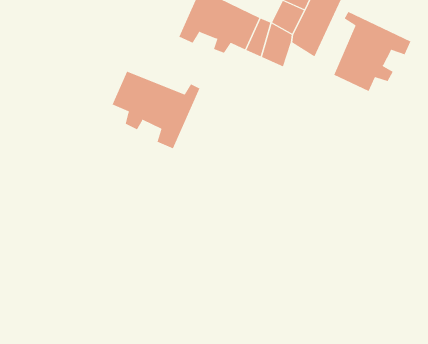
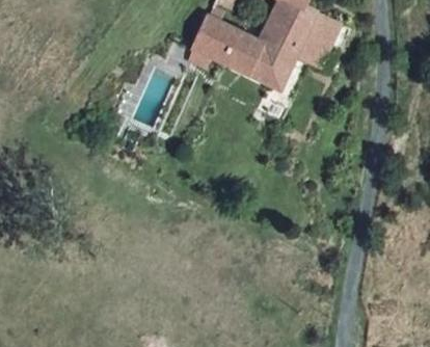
building: [334,11,411,92] -> none
building: [112,71,200,149] -> none

